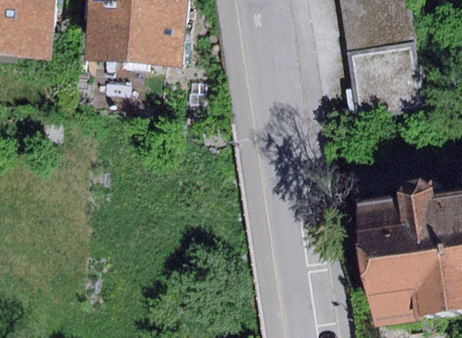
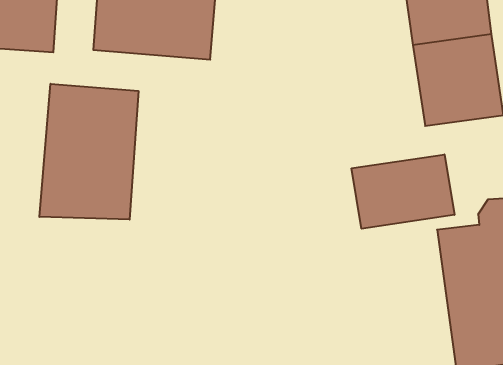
building: none -> [39,84,138,220]
building: none -> [352,154,454,229]

